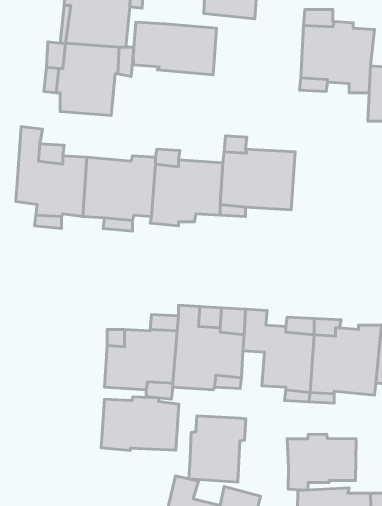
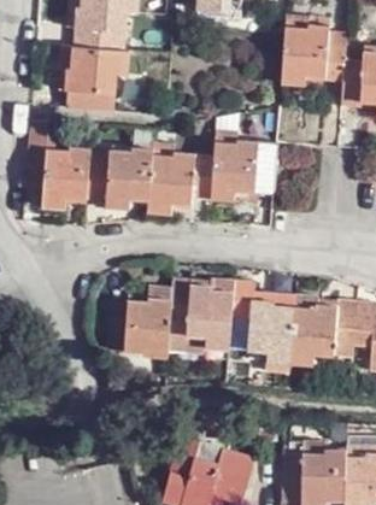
building: [133,22,216,75] -> none
building: [101,397,179,450] -> none
building: [189,416,246,482] -> none
building: [287,434,356,490] -> none

